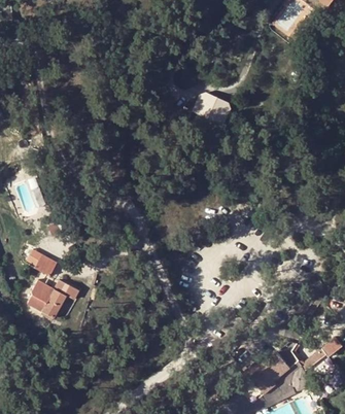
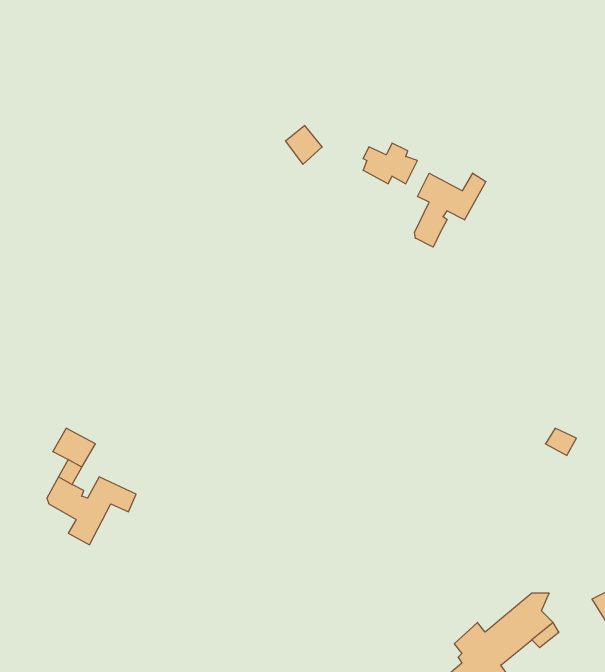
building: none -> [414,173,486,247]

